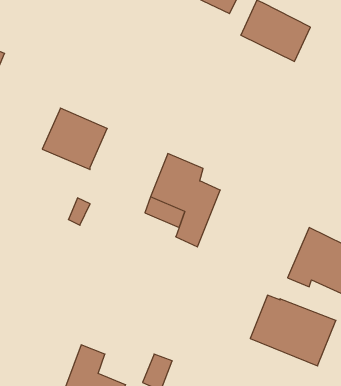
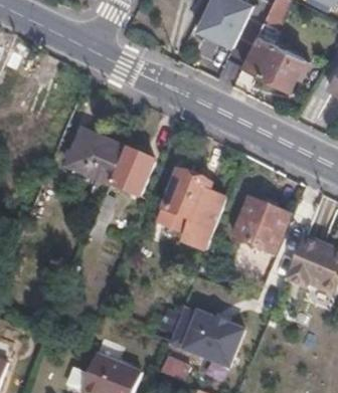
building: none -> [110,148,153,194]
building: none -> [232,198,288,254]
building: [250,295,336,366] -> [167,307,242,369]

